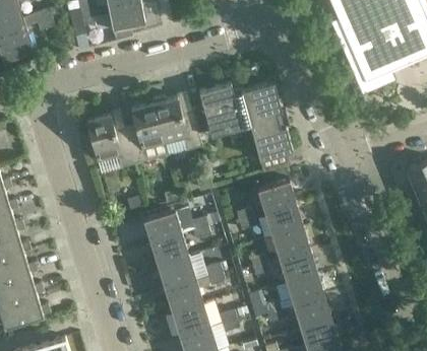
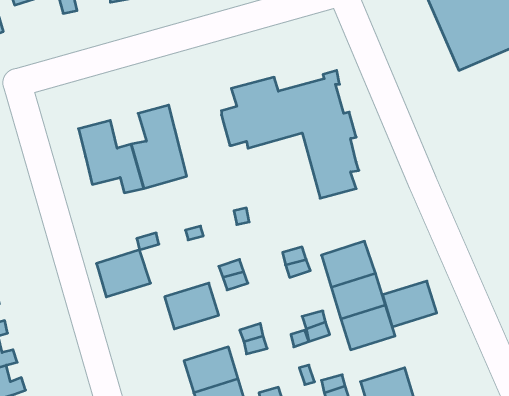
building: [152,98,200,156] -> none
building: [256,180,296,214] -> none
building: [142,210,182,244] -> [96,250,151,297]
building: [157,258,196,291] -> none
building: [286,273,325,306] -> [383,281,437,327]

